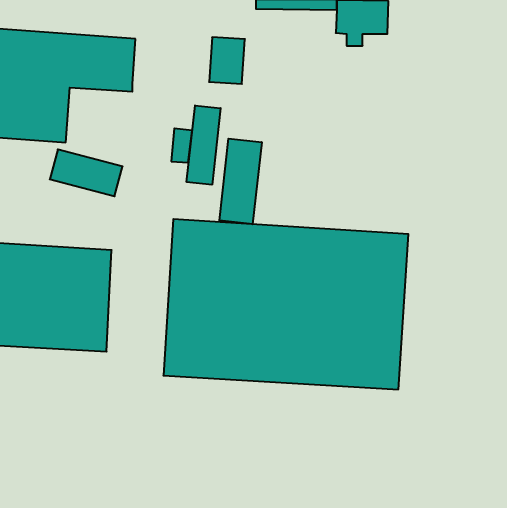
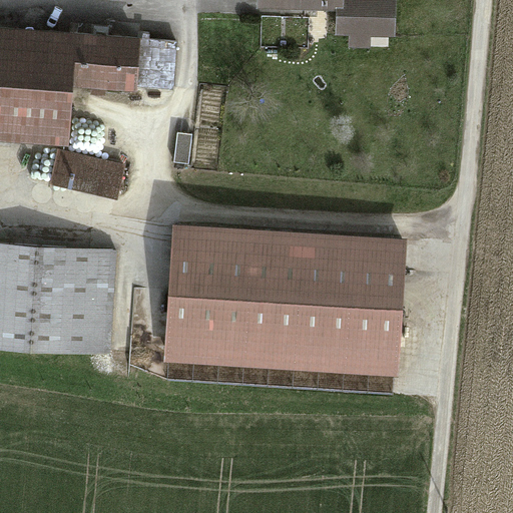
building: [209,37,245,84] -> [133,39,169,86]
building: [187,105,221,185] -> none
building: [219,139,262,224] -> none

